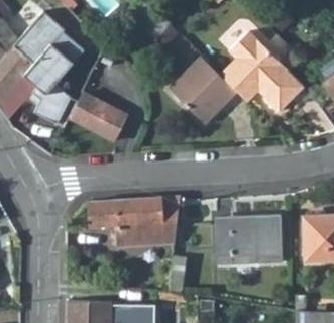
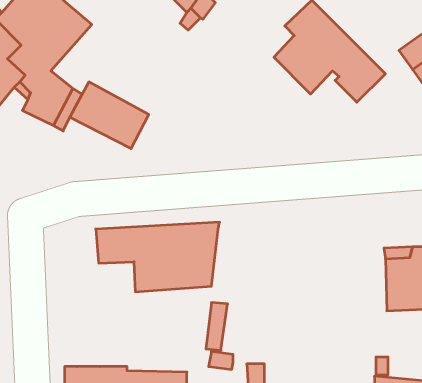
building: [169,57,236,124] -> none
building: [216,214,282,264] -> none

